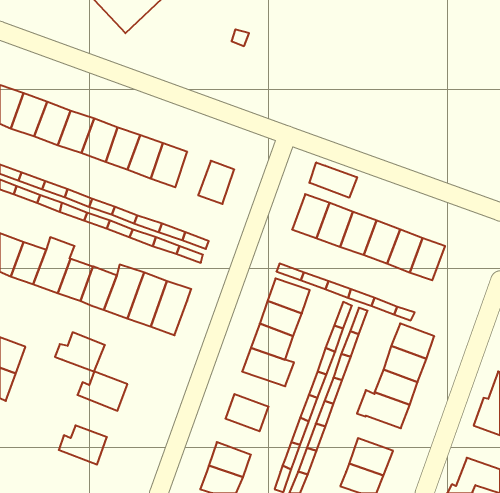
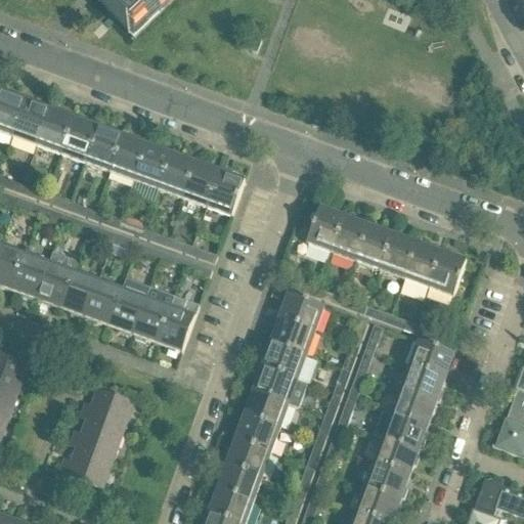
building: none -> [183,159,220,204]
building: [309,162,357,198] -> none
building: [55,332,105,371] -> [71,416,123,456]
building: none -> [245,388,289,425]
building: none -> [374,434,419,471]
building: none -> [226,437,271,475]

